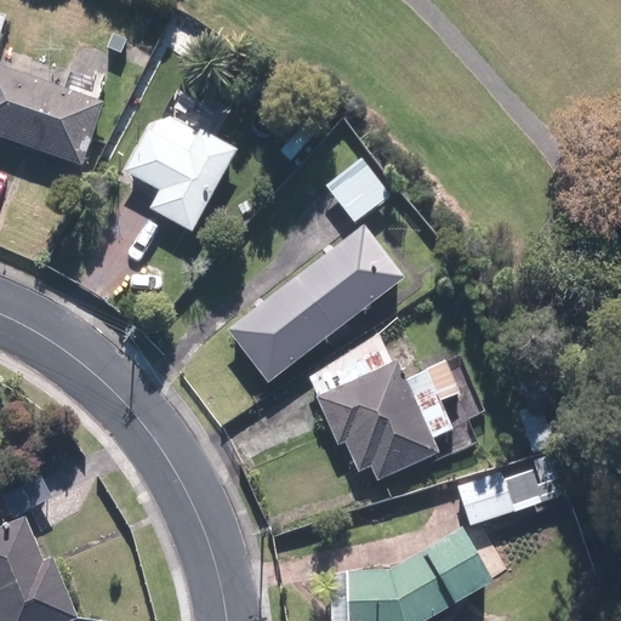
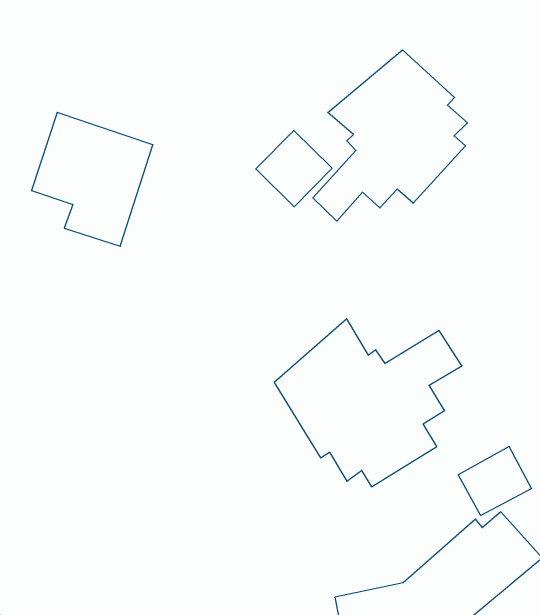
building: none -> [313,50,468,221]
building: [226,226,403,384] -> none

